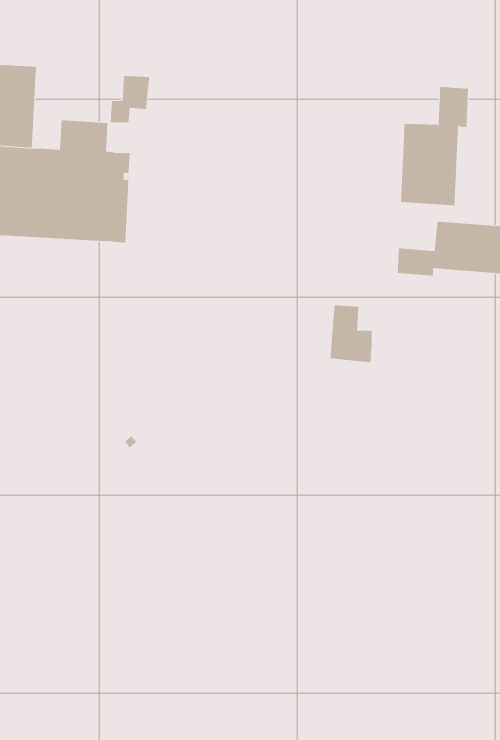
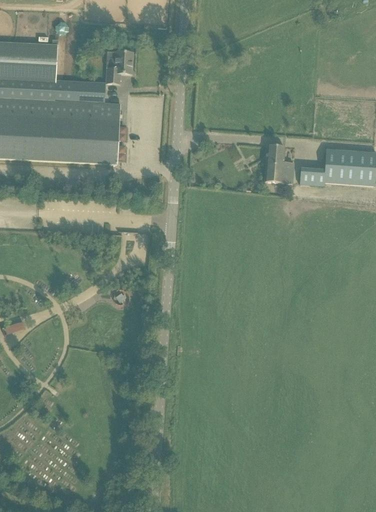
building: [401,86,469,206] -> none
building: [329,305,373,363] -> [264,145,293,184]

